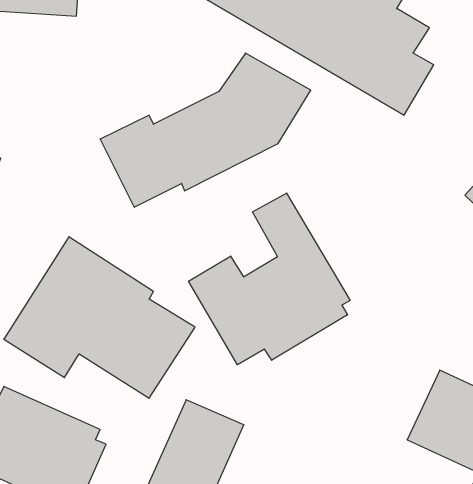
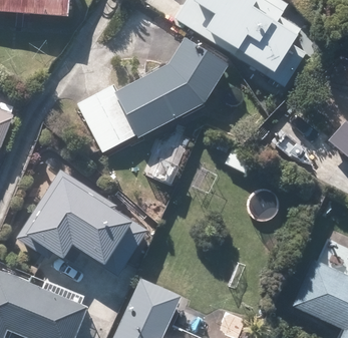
building: [189,193,350,365] -> none

